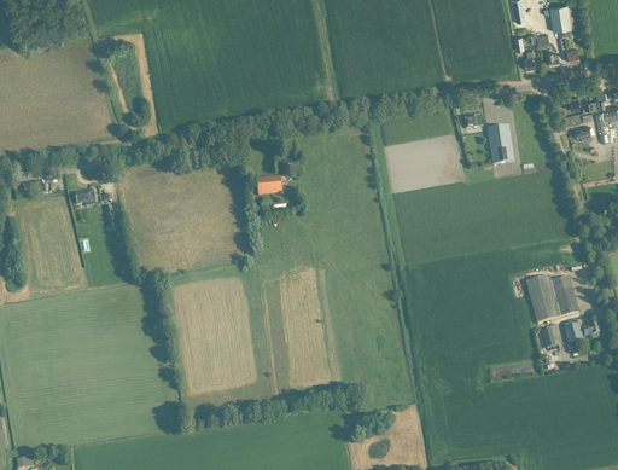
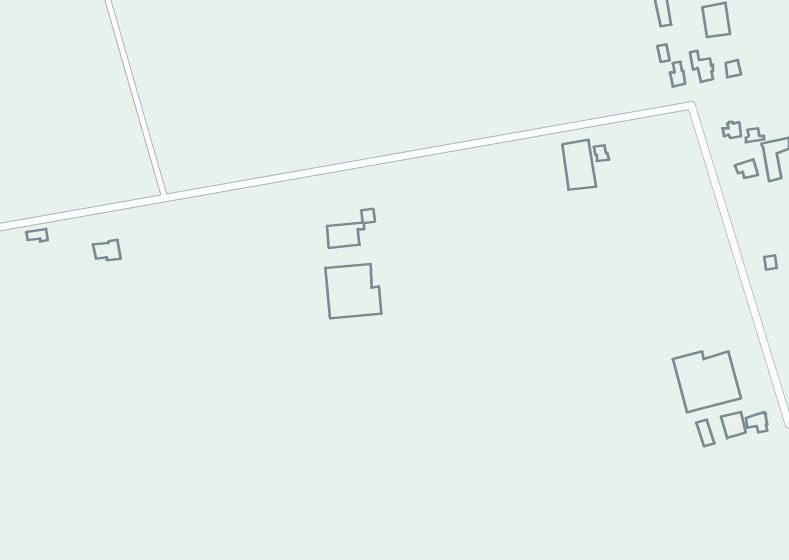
building: [486,123,513,162] -> [562,140,596,190]
building: none -> [326,264,381,318]

